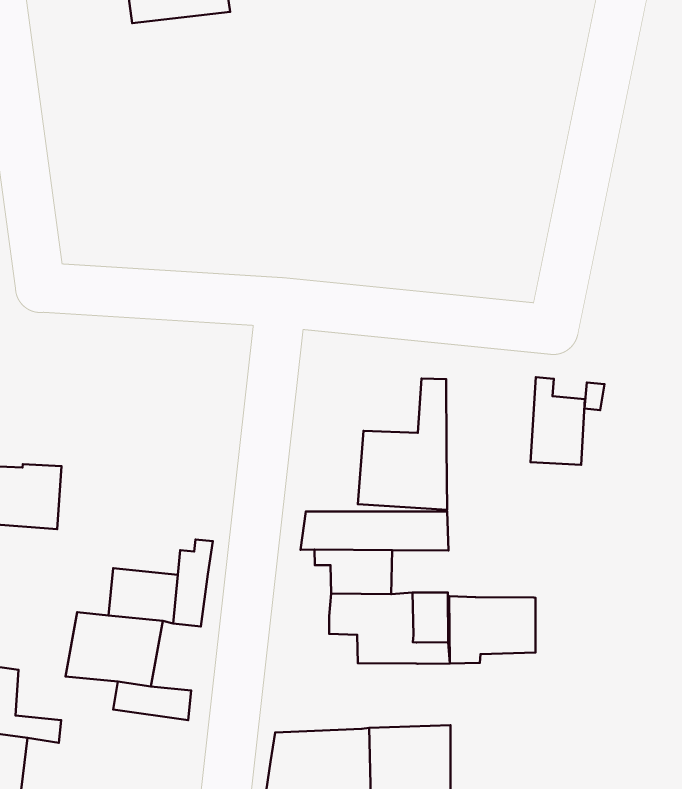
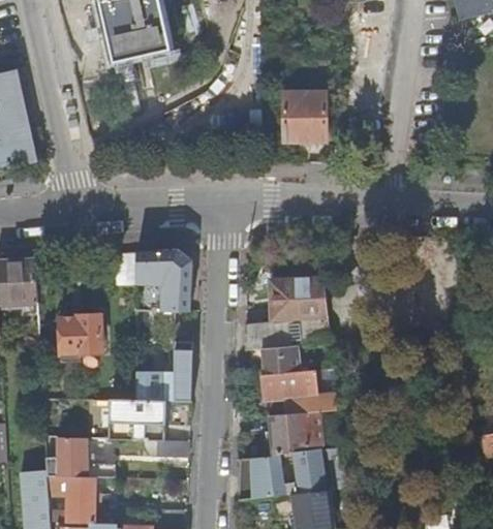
building: none -> [283,92,325,143]
building: none -> [135,251,191,312]
building: [531,377,585,465] -> none
building: [449,596,536,663] -> [269,411,322,455]

